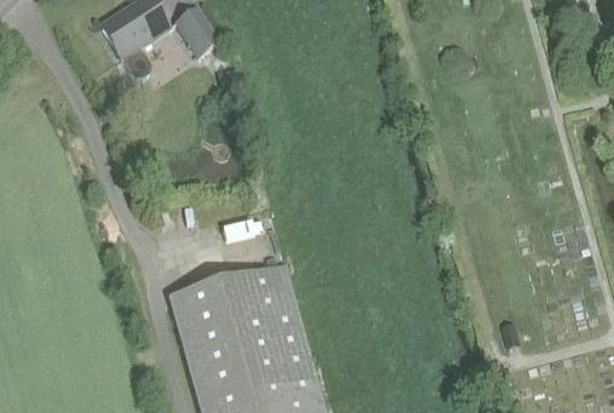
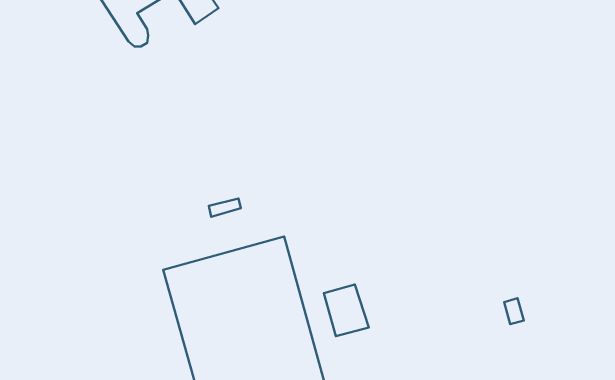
building: none -> [324,284,369,336]

